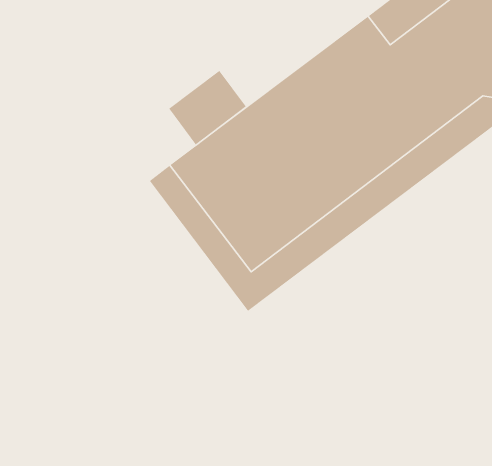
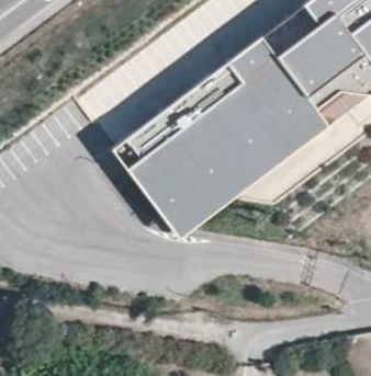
building: [168,70,247,145] -> none

